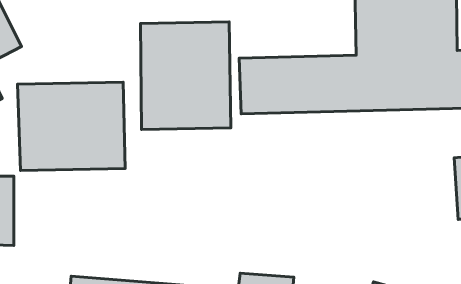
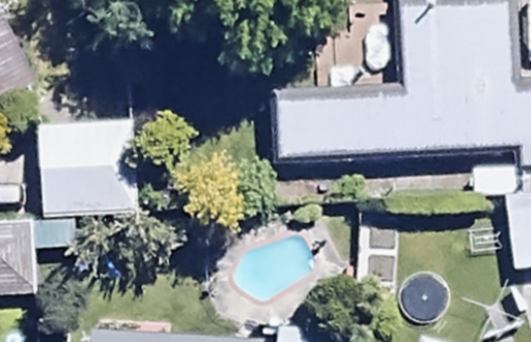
building: [141,22,231,130] -> none

